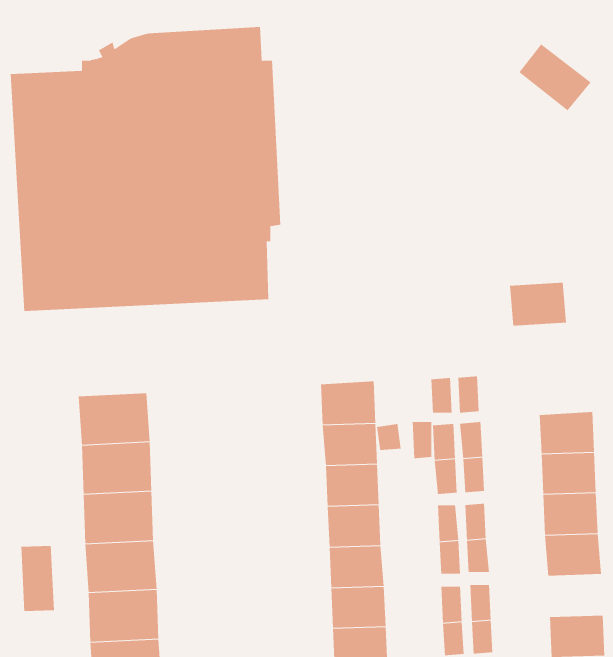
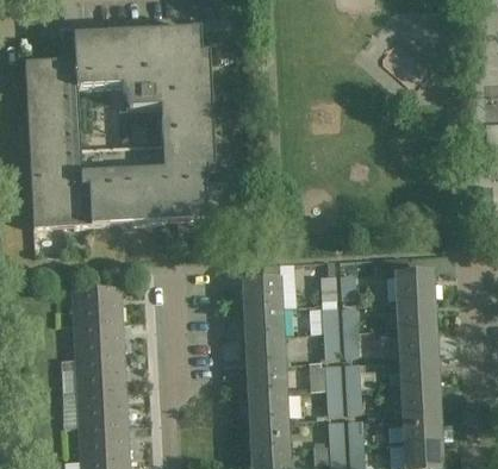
building: [509,282,567,326] -> [394,268,435,299]
building: [21,545,55,612] -> none
building: none -> [403,411,442,440]

